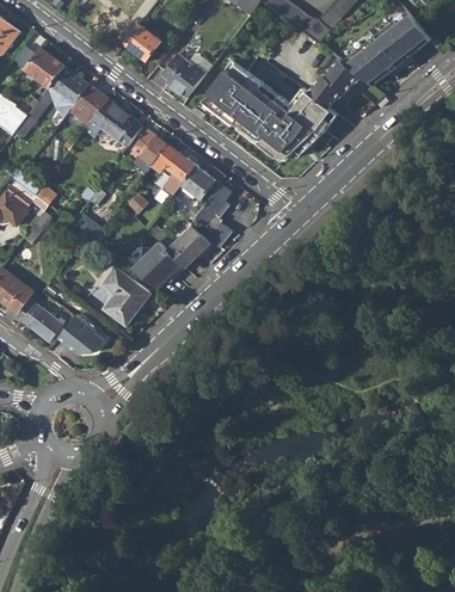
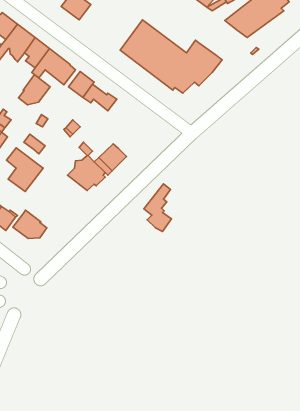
building: [160,53,204,97] -> none
building: [306,57,357,106] -> none
building: none -> [19,75,50,105]
building: [180,166,214,198] -> none
building: [193,184,230,247] -> [144,184,171,231]
building: [100,266,149,325] -> [6,148,43,192]

